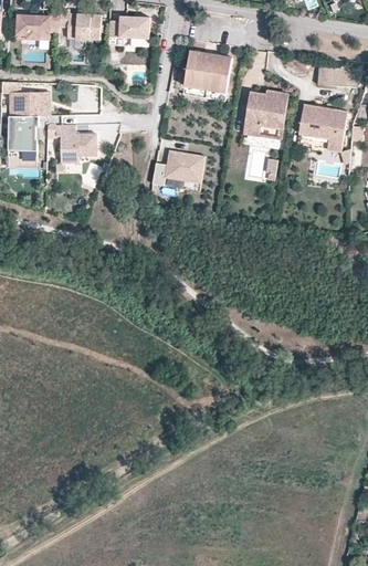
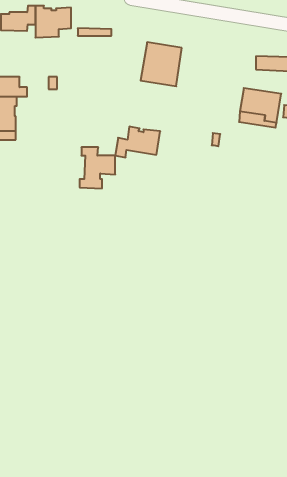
building: [108,13,149,35] -> none
building: [245,90,290,137] -> none
building: [53,123,95,171] -> [80,147,115,188]

